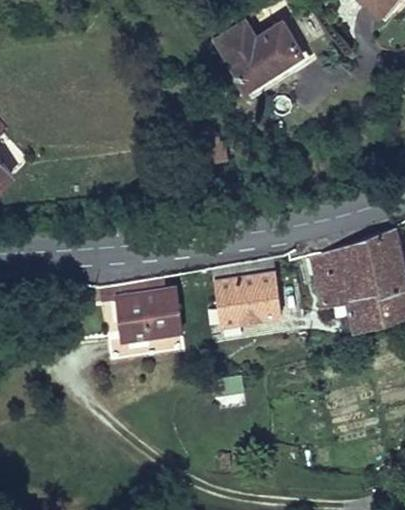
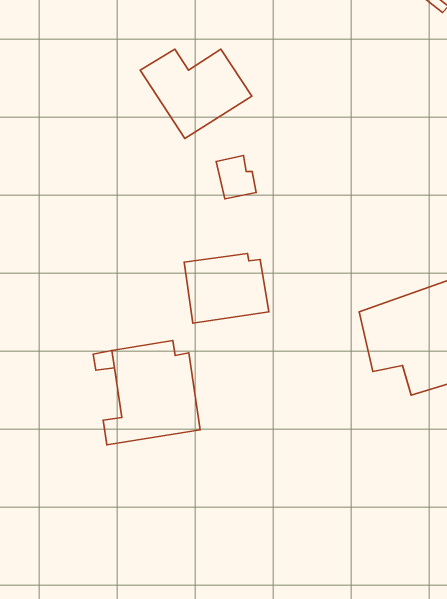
building: [216,26,306,98] -> [140,49,252,139]
building: [213,269,281,325] -> [184,253,269,323]

